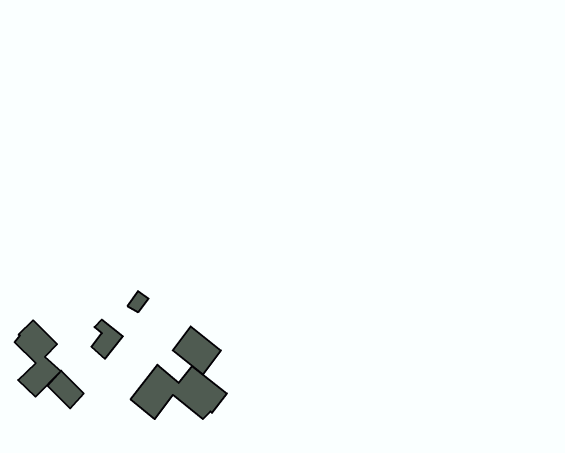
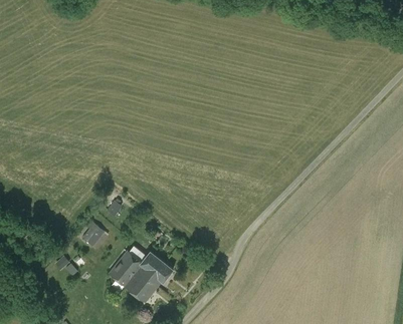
building: [15,320,61,397] -> none
building: [173,326,221,375] -> [125,271,157,303]

